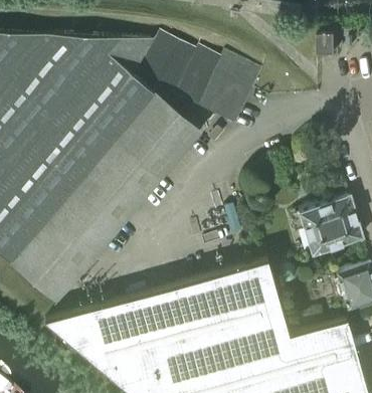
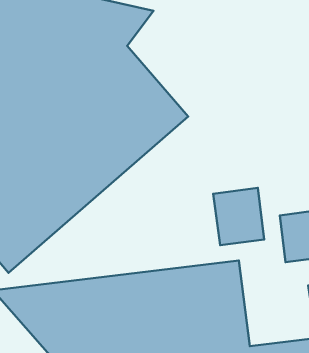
building: [139,34,262,126] -> none
building: none -> [213,188,264,245]

